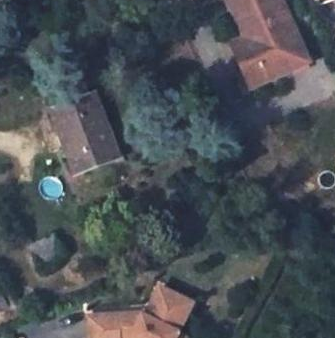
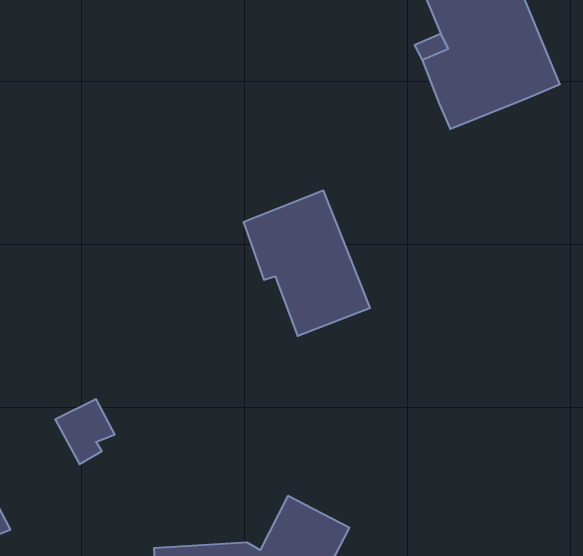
building: [53,92,121,170] -> [243,191,370,336]

